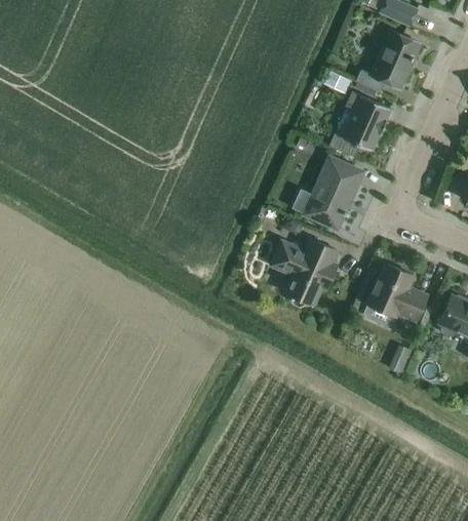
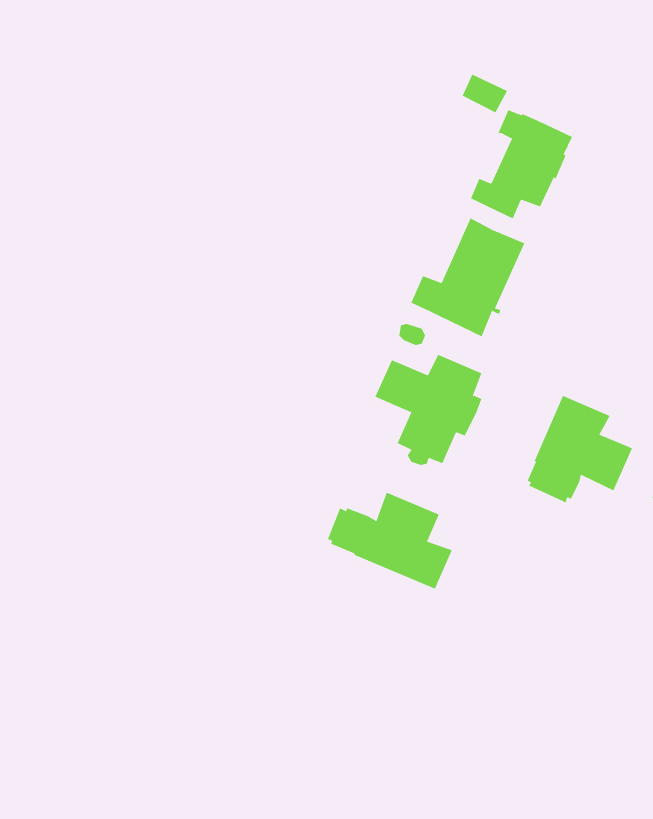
building: [356,30,420,91] -> none
building: none -> [327,492,453,590]

